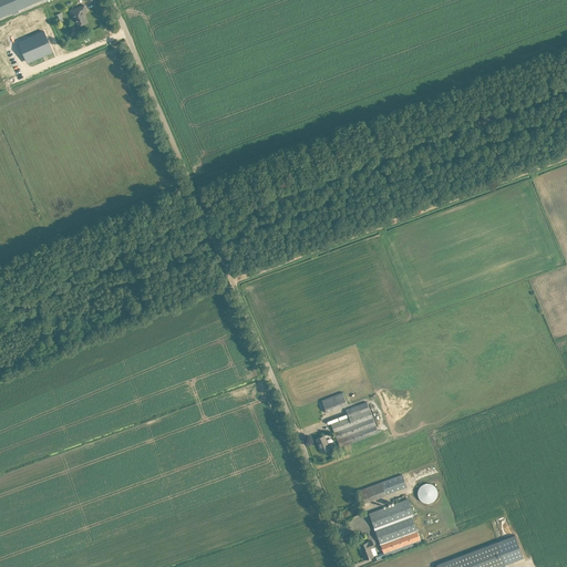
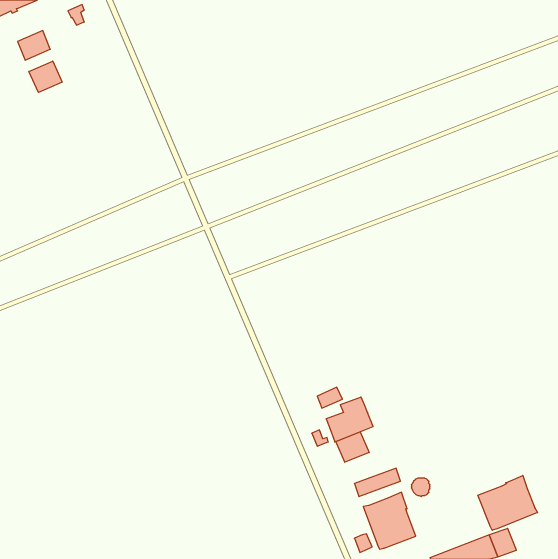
building: none -> [29,61,62,92]
building: none -> [336,432,369,462]
building: none -> [478,475,538,530]

